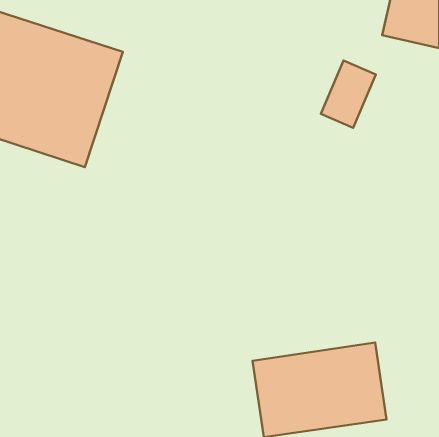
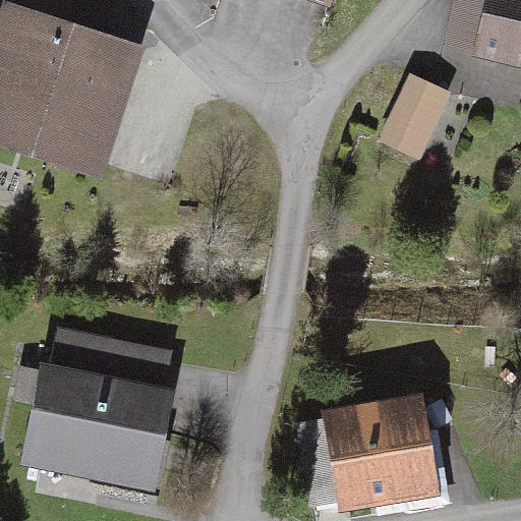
building: none -> [22,324,184,490]

